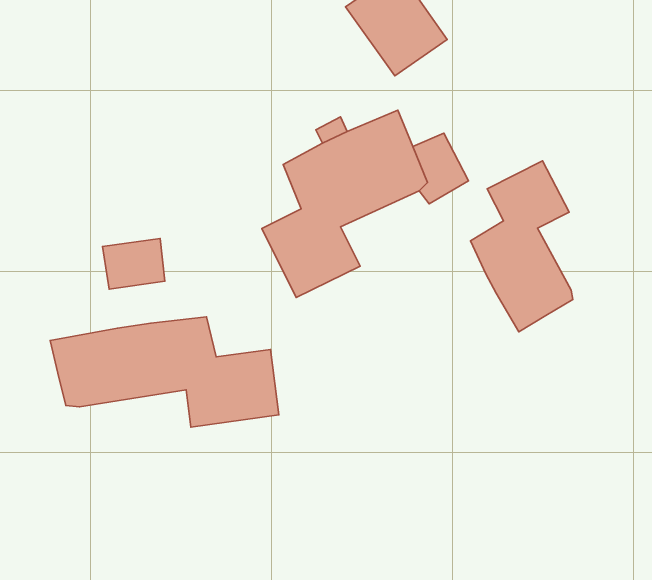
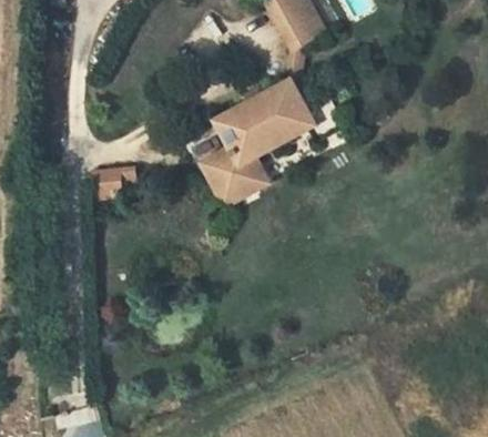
building: [470,161,573,332] -> none
building: [50,317,279,427] -> none

